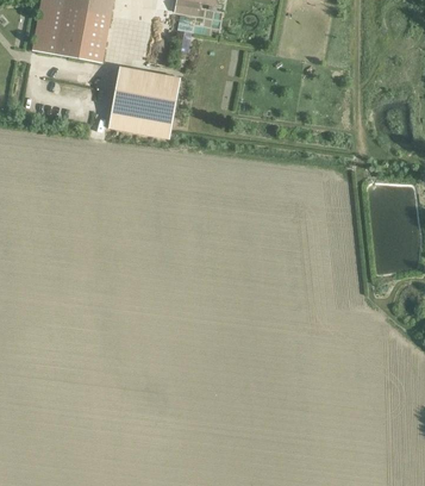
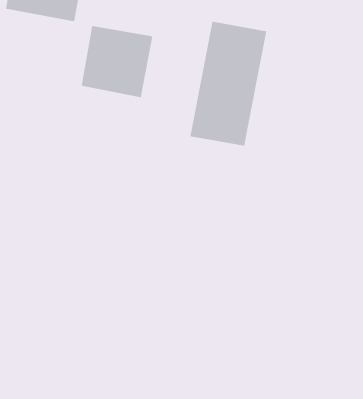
building: none -> [190,21,267,147]

